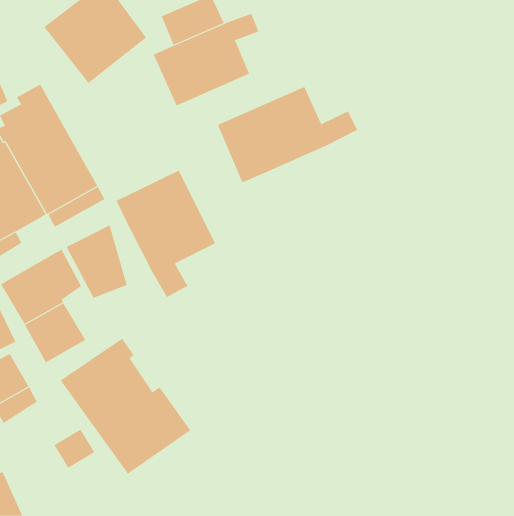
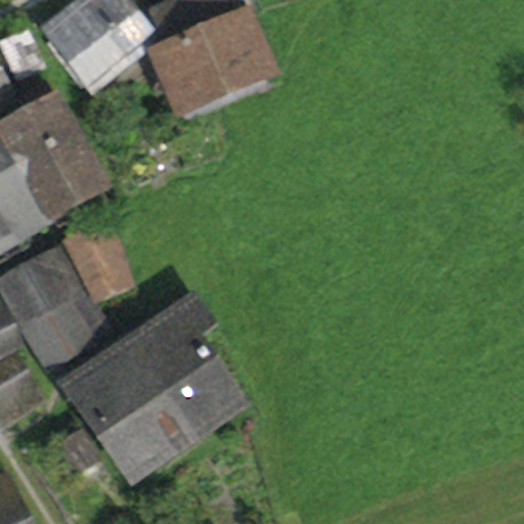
building: [217,86,358,183] -> none
building: [116,170,216,298] -> none
building: none -> [124,301,237,435]

